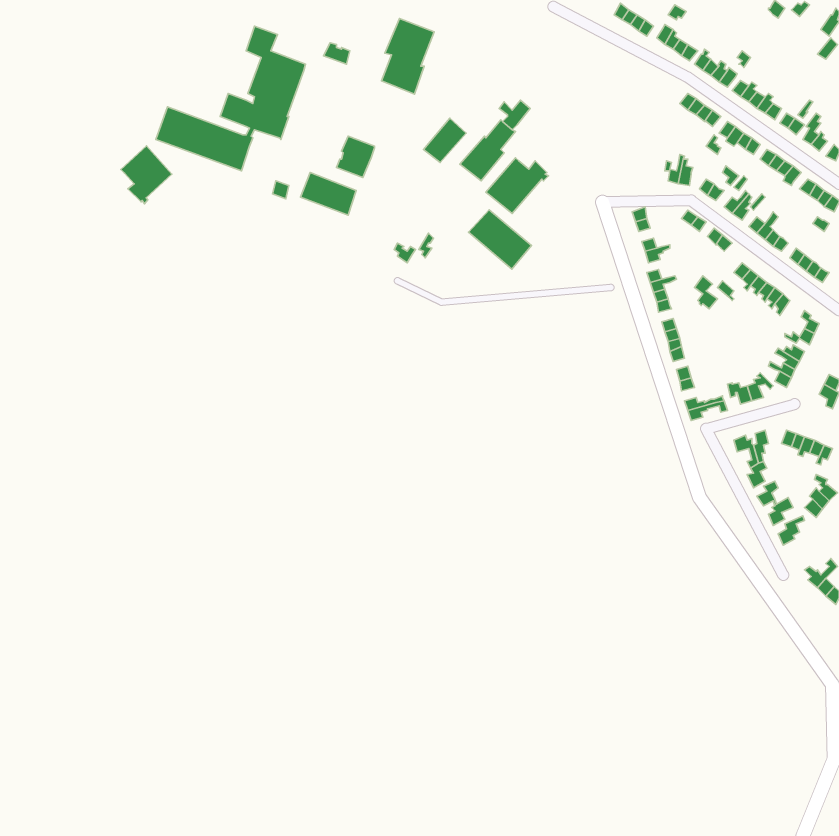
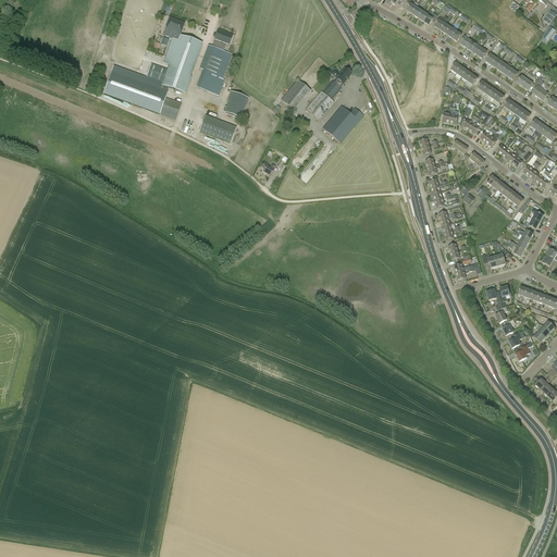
building: [382,19,434,94] -> [197,45,232,95]
building: [121,146,172,204] -> none
building: [469,210,532,269] -> none

